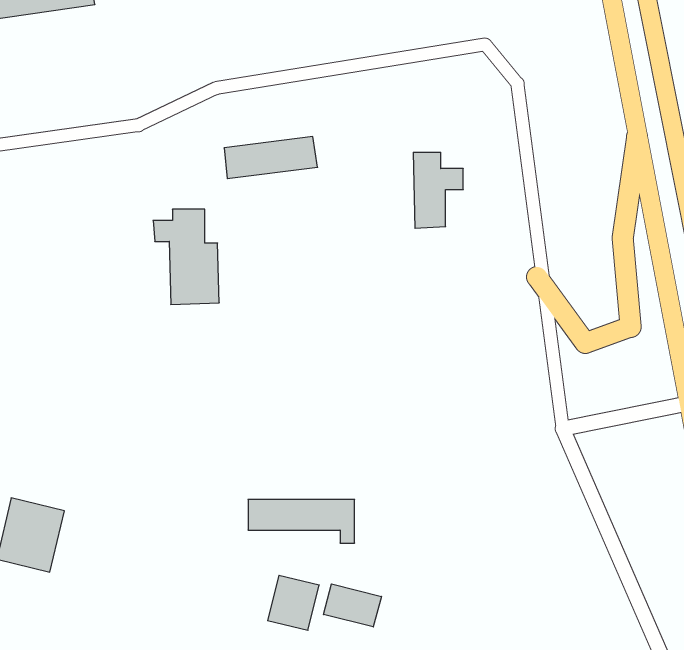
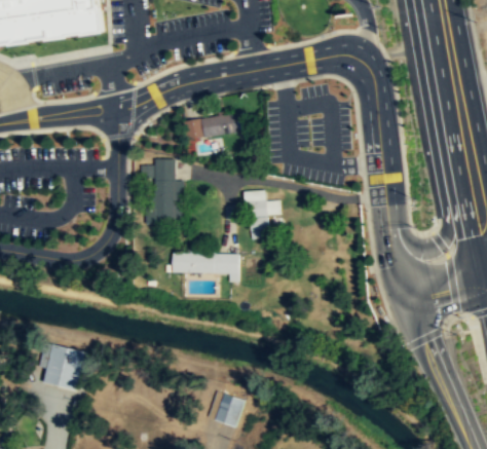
building: [413,152,463,228] -> [248,191,279,239]
building: [248,499,355,543] -> [171,254,238,282]
building: [324,584,381,627] -> none

